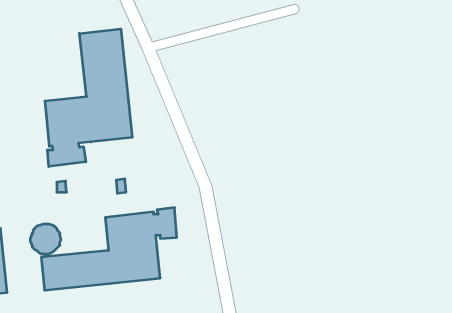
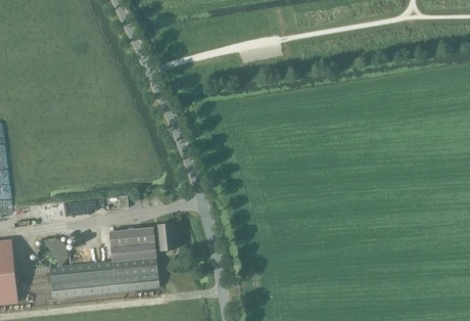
building: [45,29,132,167] -> none

